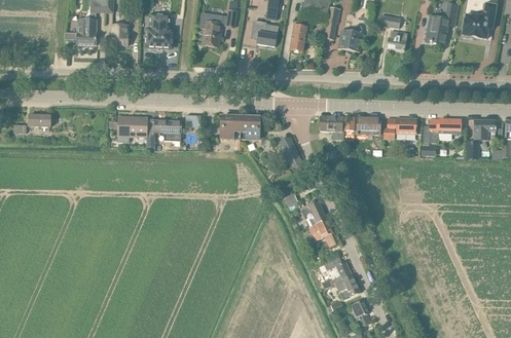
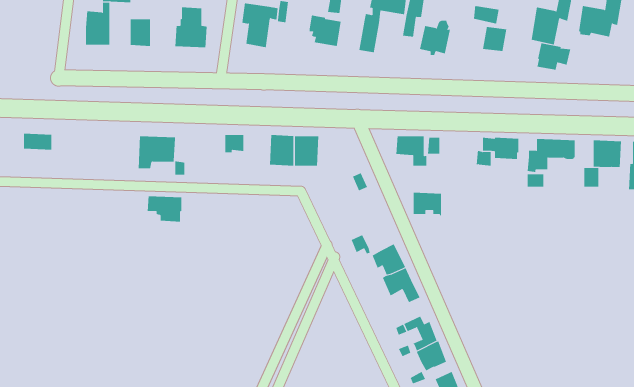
building: none -> [537,43,571,71]
building: [357,116,379,135] -> [413,192,442,216]
building: [153,119,181,140] -> [147,196,182,222]

